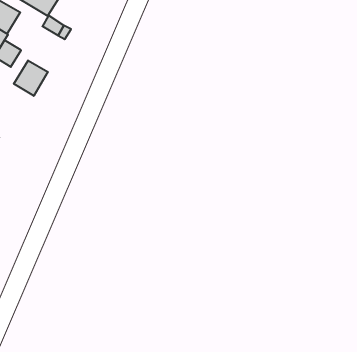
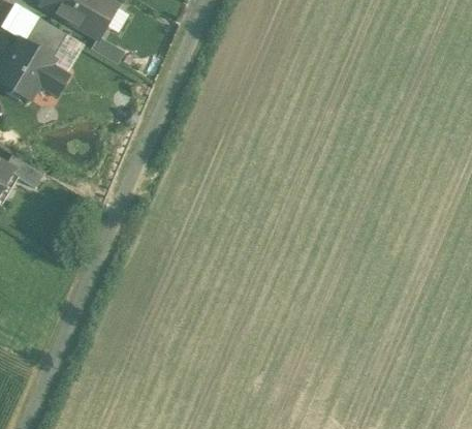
building: [14,60,48,96] -> none

